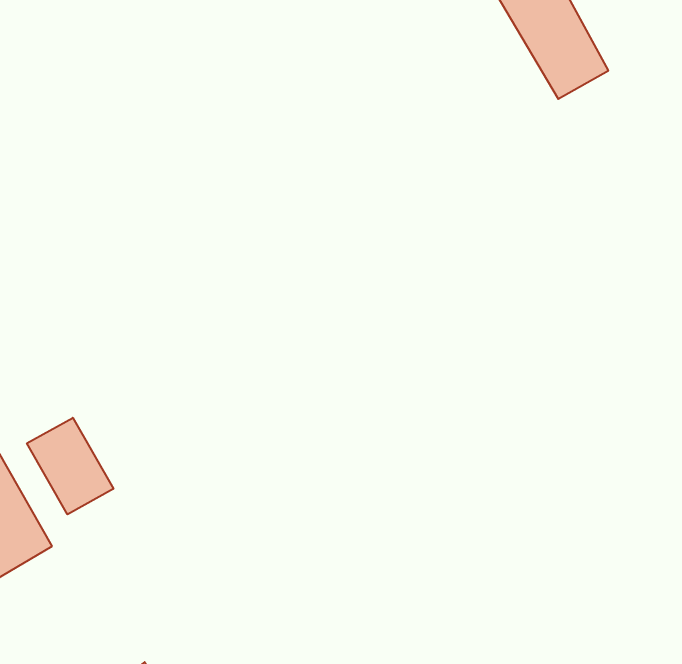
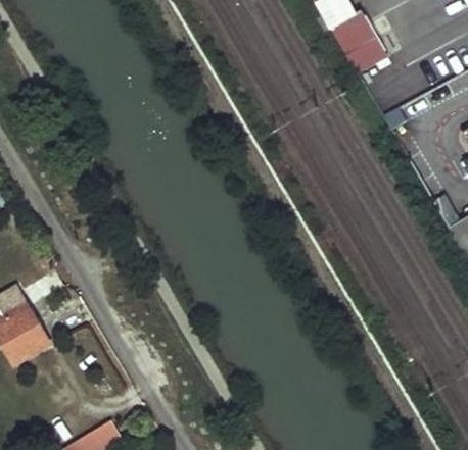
building: [27,418,113,514] -> none

